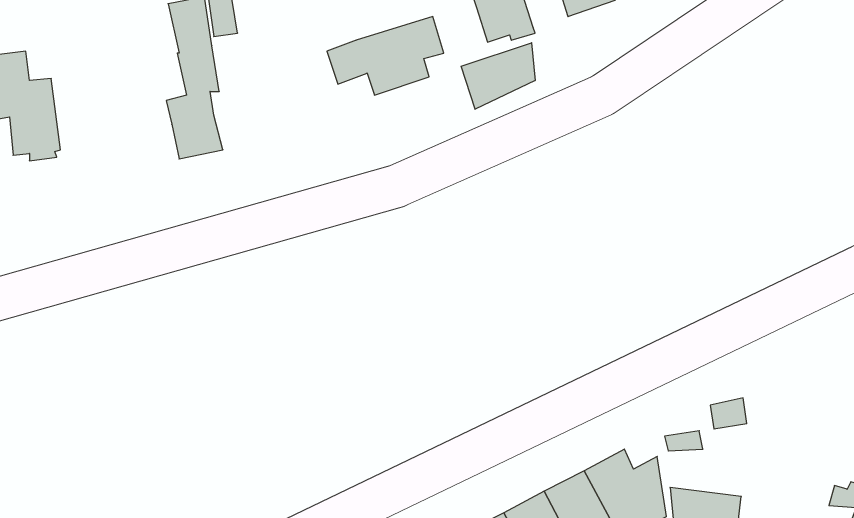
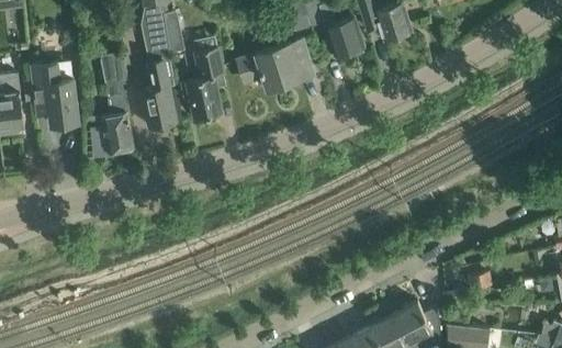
building: none -> [187,37,226,119]
building: none -> [85,54,133,154]
building: [461,43,535,109] -> none

